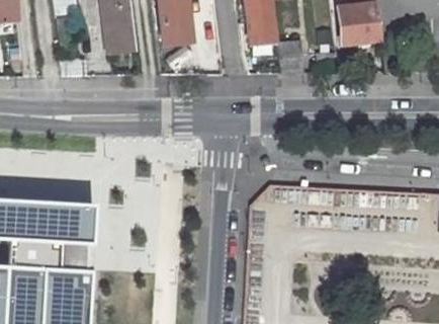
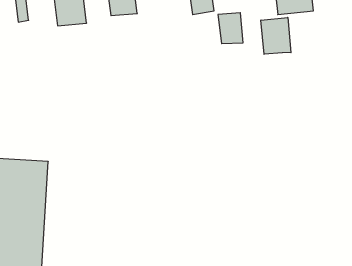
building: none -> [261,17,291,54]

